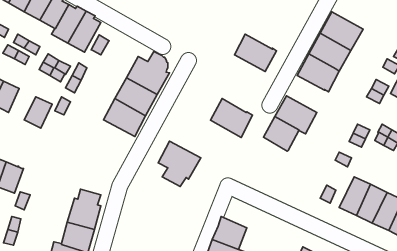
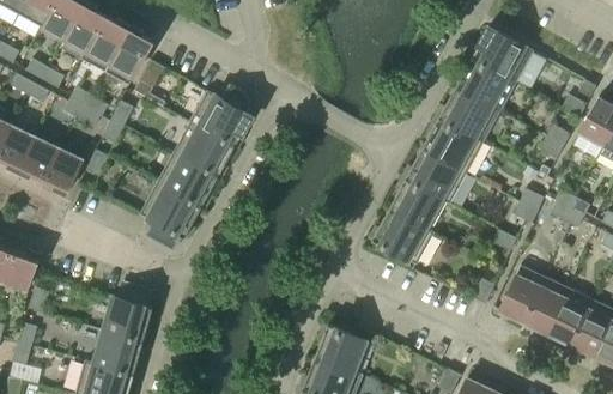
building: [235,34,277,71] -> [423,119,484,172]
building: none -> [19,138,59,183]
building: [211,99,253,137] -> [372,208,433,265]
building: [158,141,201,187] -> [140,183,202,249]

